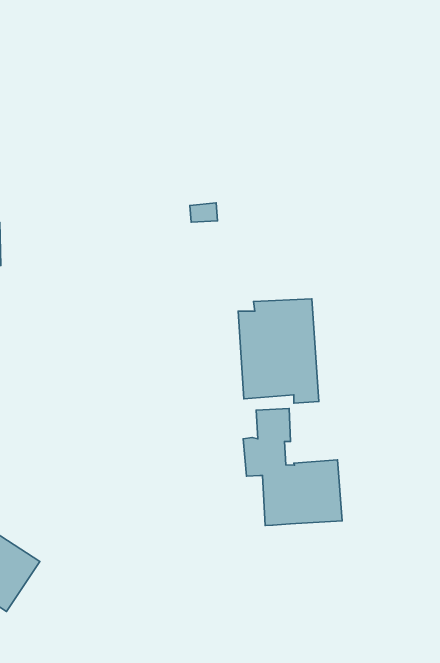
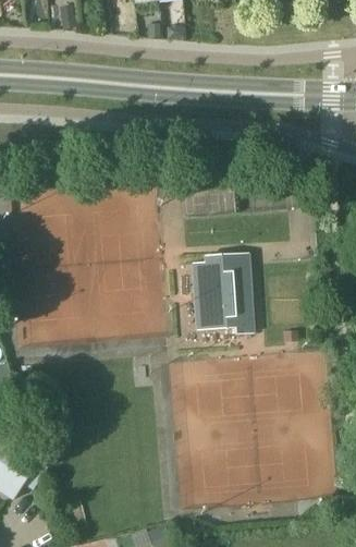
building: [243,409,342,526] -> none

